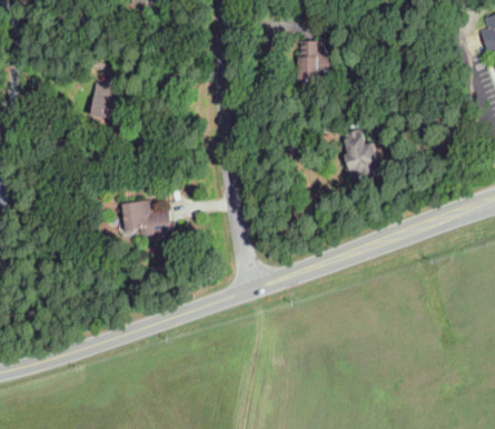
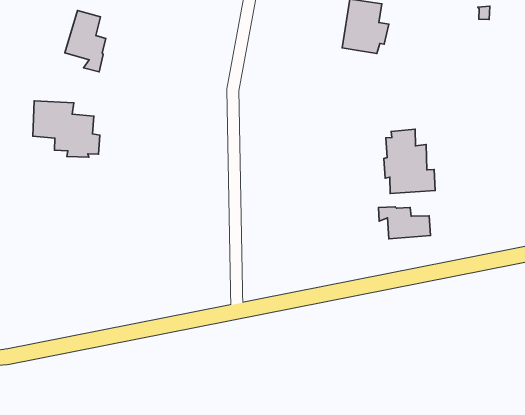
building: none -> [379,207,431,239]
building: [120,200,175,241] -> [33,101,100,157]

